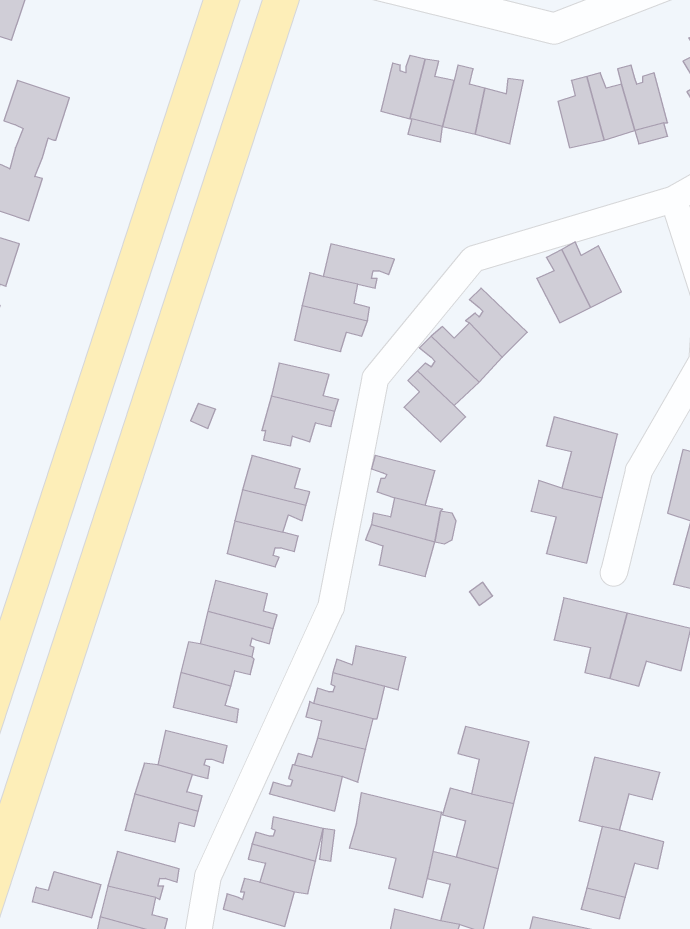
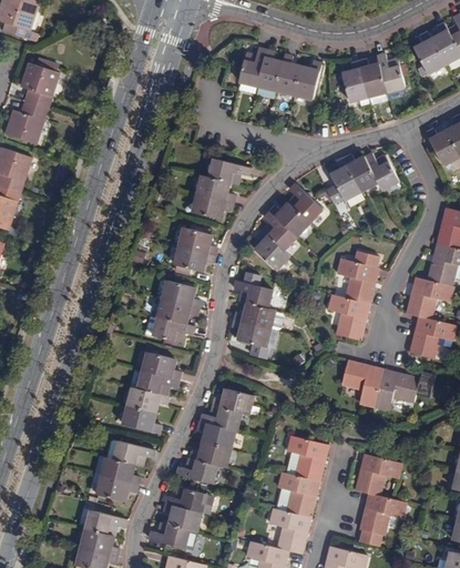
building: none -> [366,154,401,192]
building: [350,793,441,898] -> none
building: [32,872,101,918] -> none

